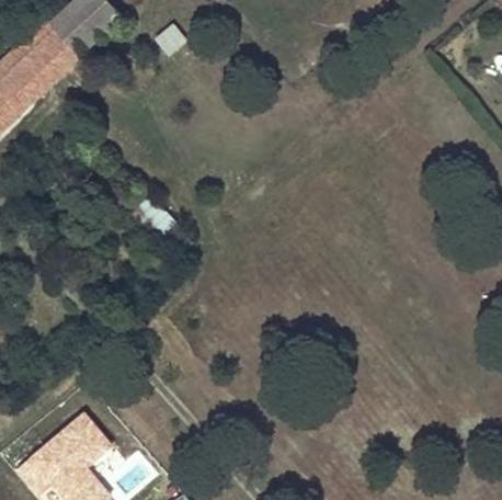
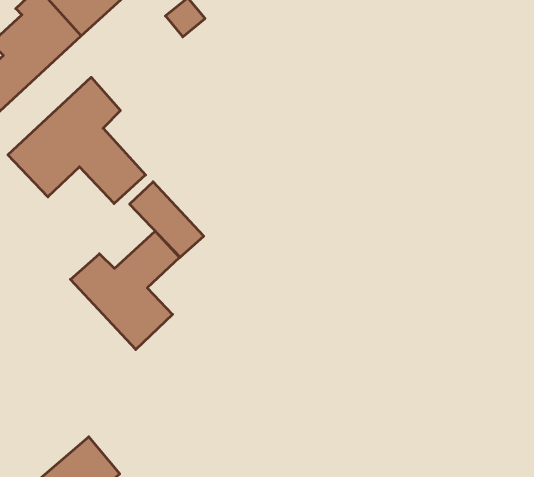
building: none -> [8,77,146,204]
building: none -> [70,231,179,350]

